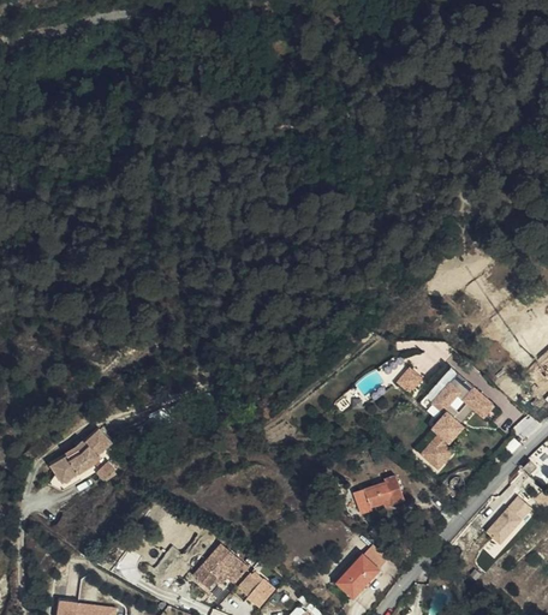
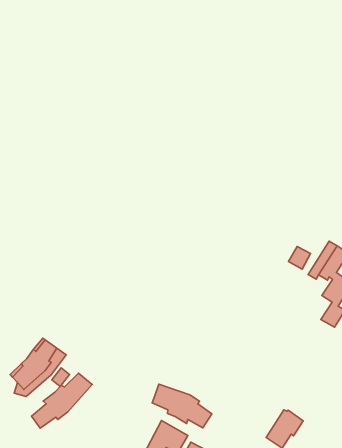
building: none -> [31,373,92,428]
building: [356,483,392,515] -> none
building: none -> [152,384,212,428]

